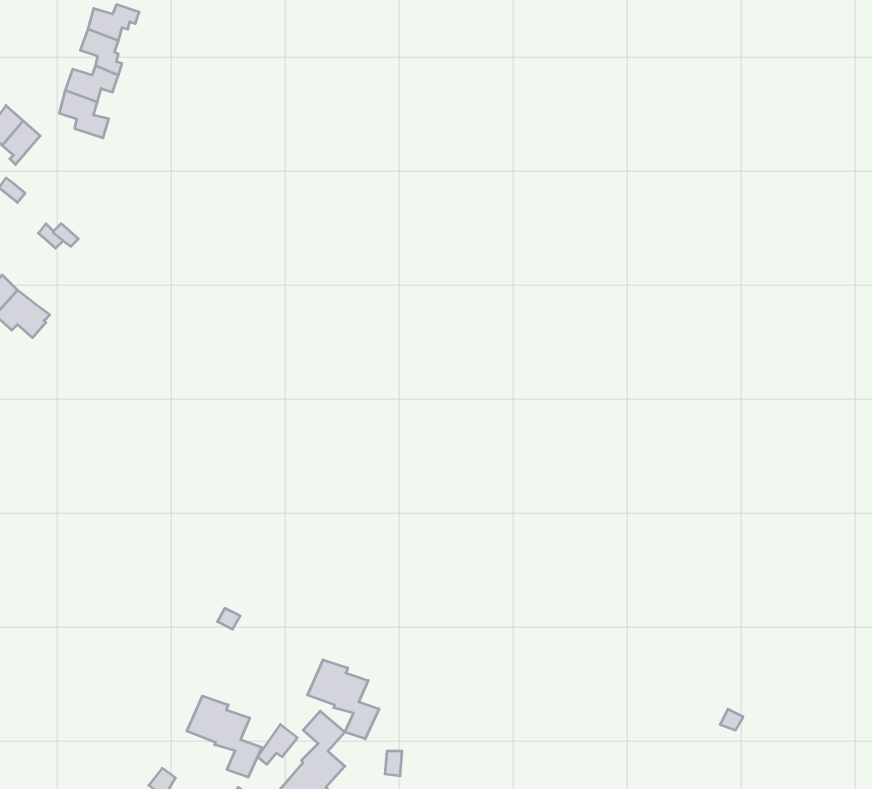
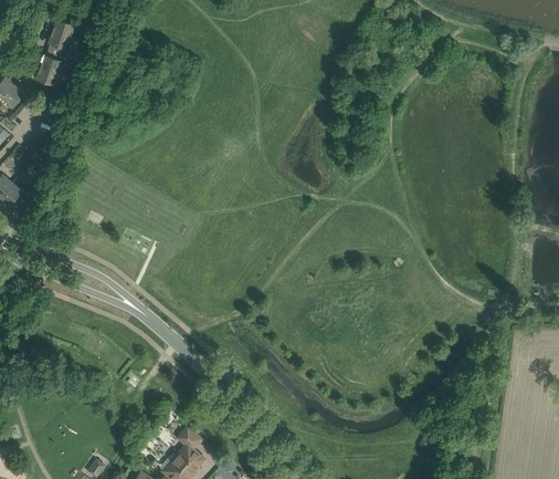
building: [307,660,379,739] -> none
building: [187,696,262,777] -> none

